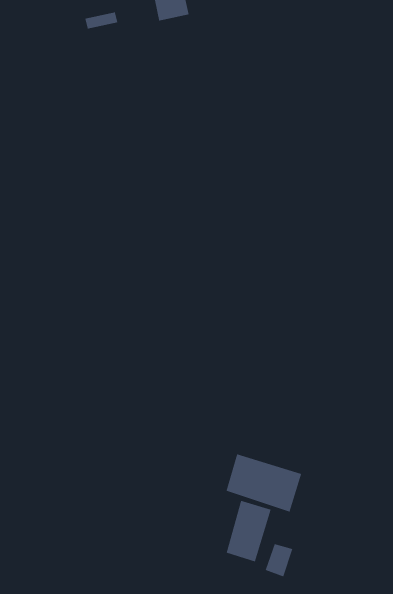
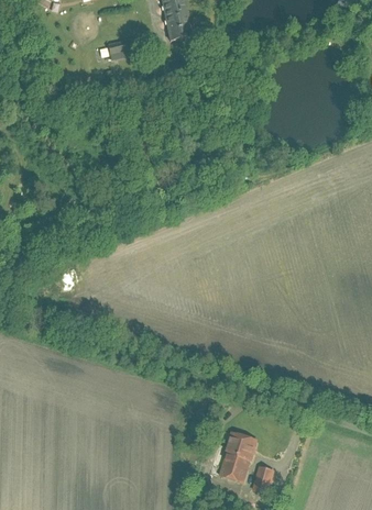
building: [226,454,302,512] -> none

